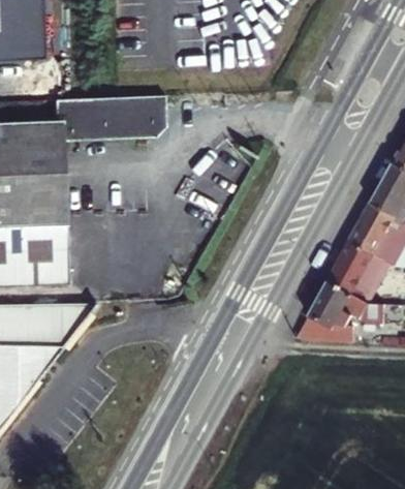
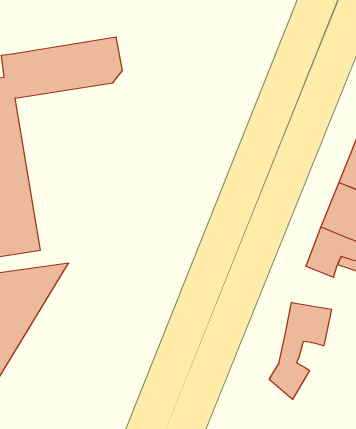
building: none -> [269,302,331,399]

